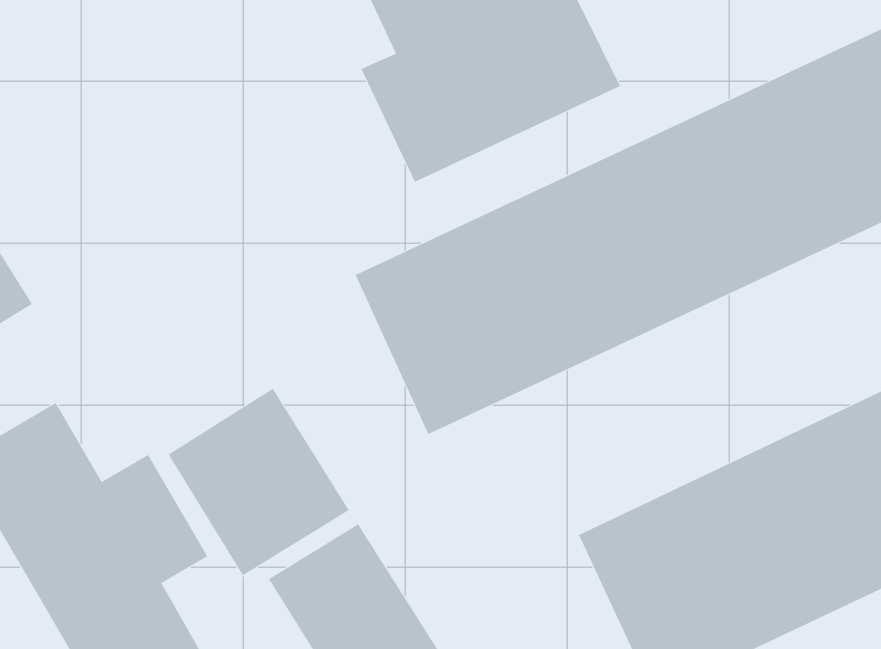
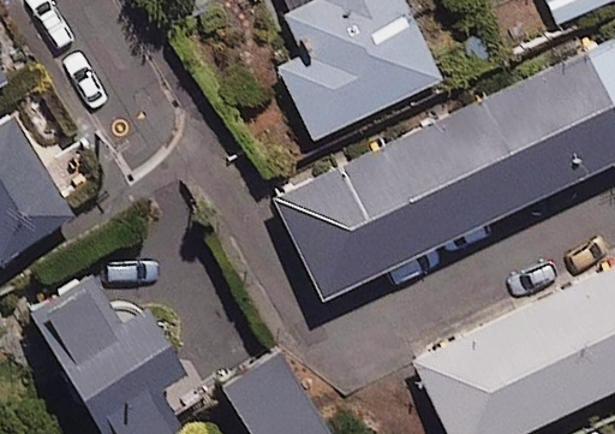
building: [168,388,350,576] -> none

